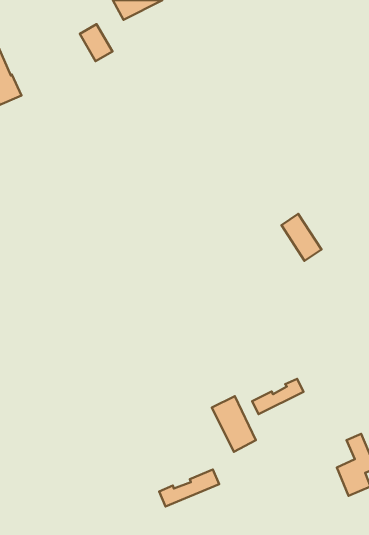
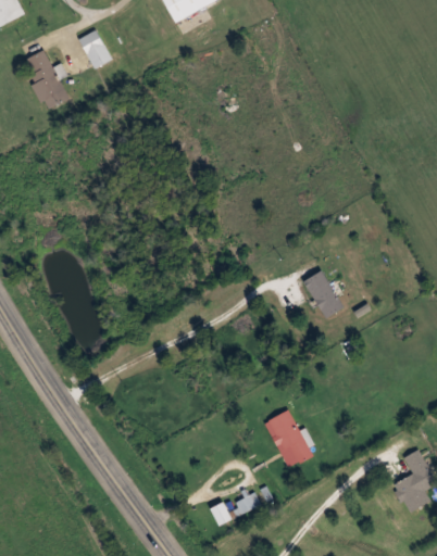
building: [80,24,112,61] -> [78,29,112,67]
building: [281,214,321,261] -> [302,269,344,318]
building: [252,379,303,414] -> none

